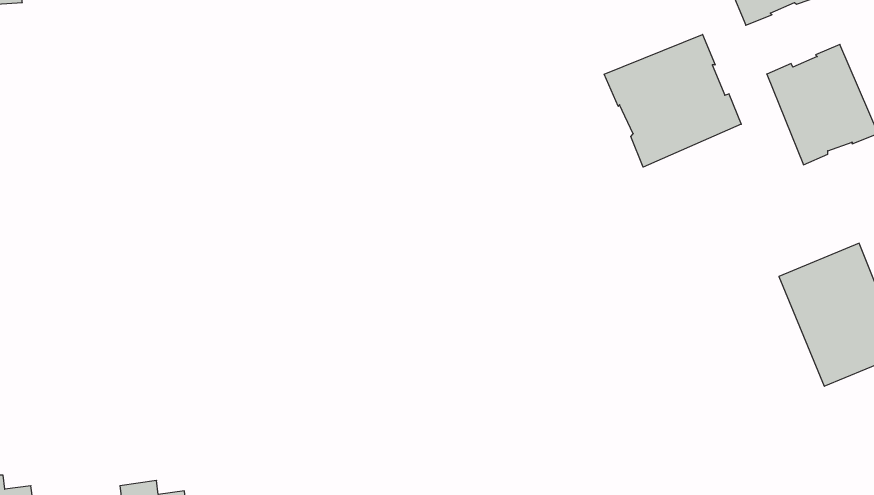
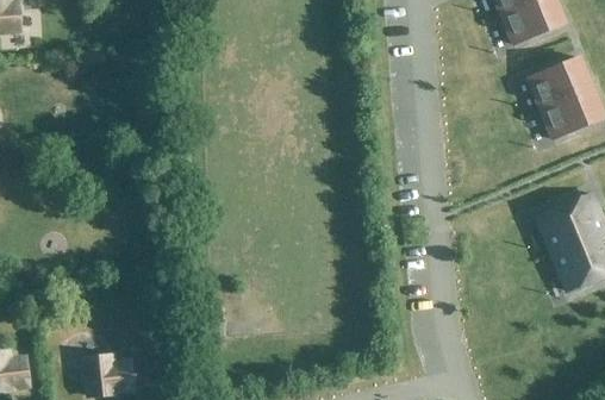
building: [604,34,741,167] -> none

